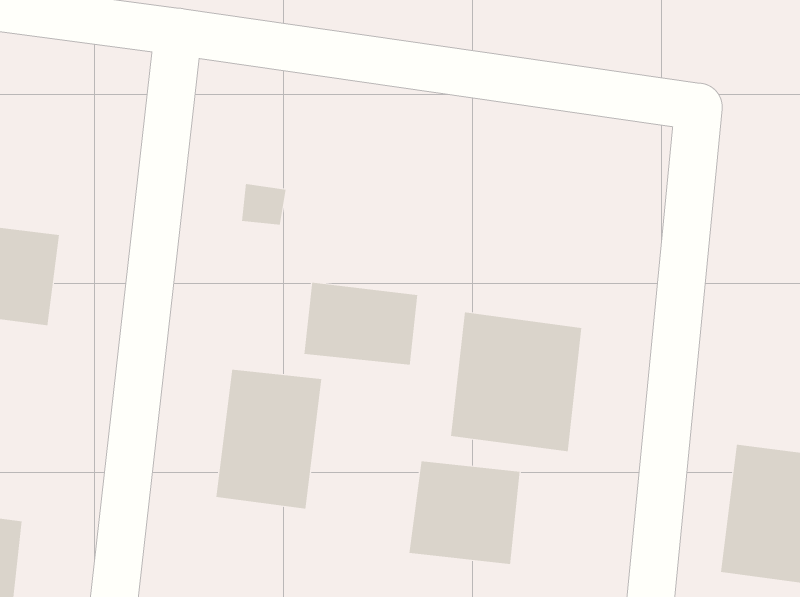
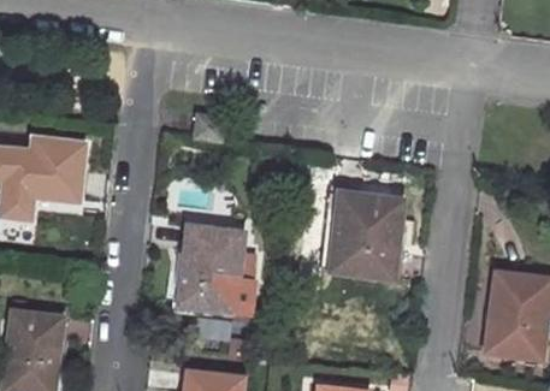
building: [304,282,418,365] -> none
building: [409,460,520,565] -> none

